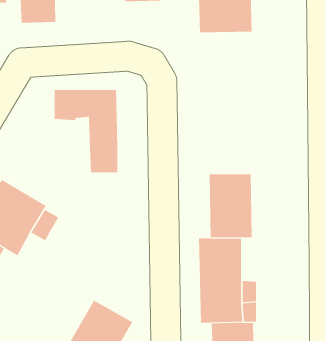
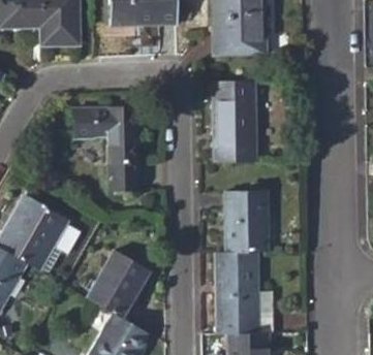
building: none -> [212,80,254,164]
building: none -> [86,250,149,318]

